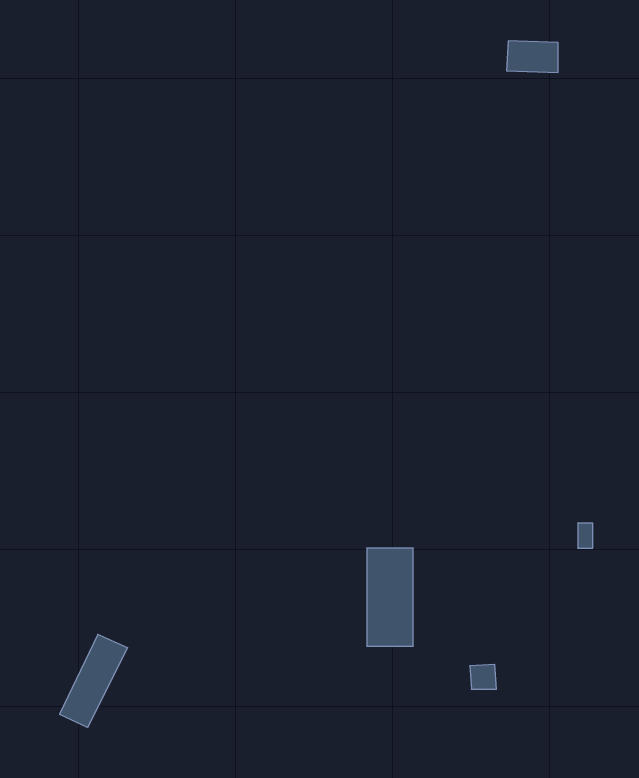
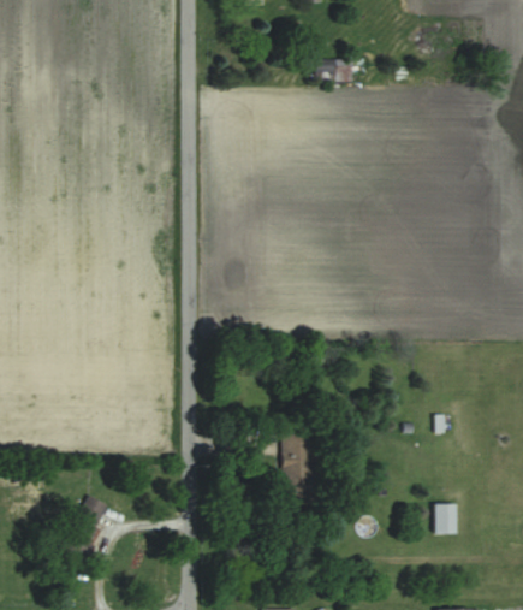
building: [507,41,558,72] -> [316,58,353,81]
building: none -> [434,503,457,534]

